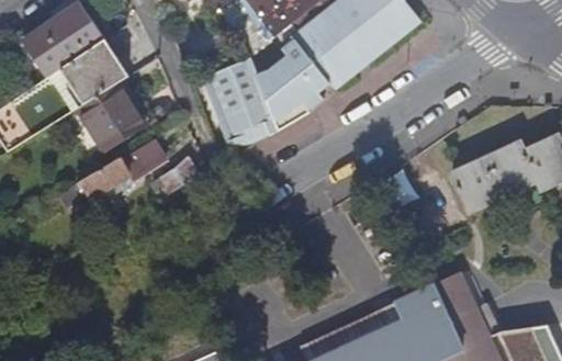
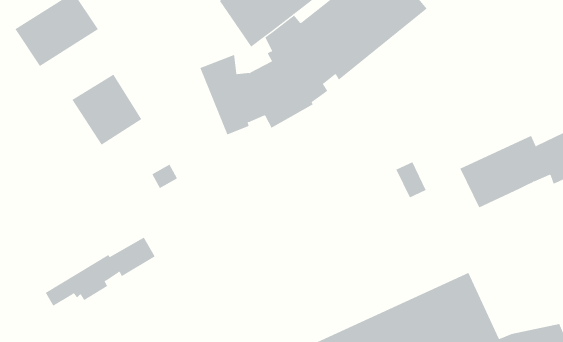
building: [25,40,130,127] -> none
building: [59,140,166,207] -> [45,237,156,307]

